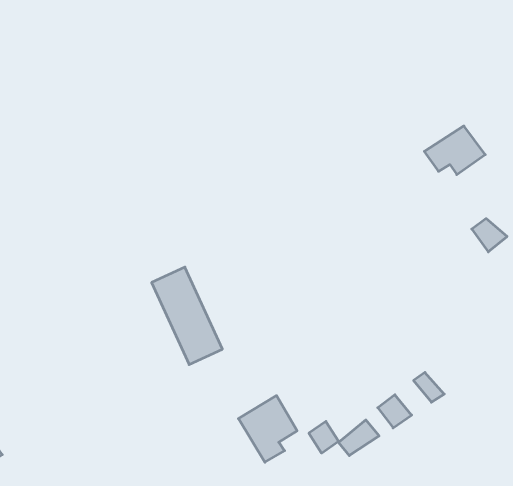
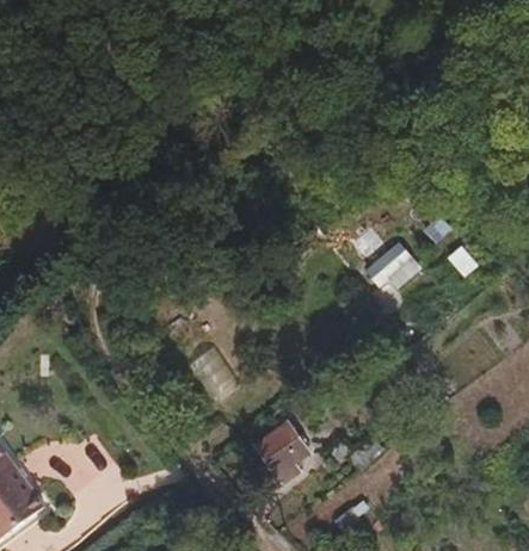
building: [424,126,485,175] -> [364,243,419,287]

